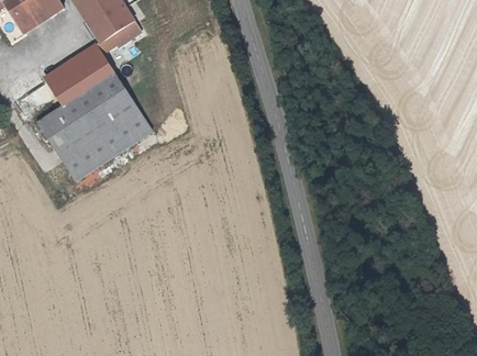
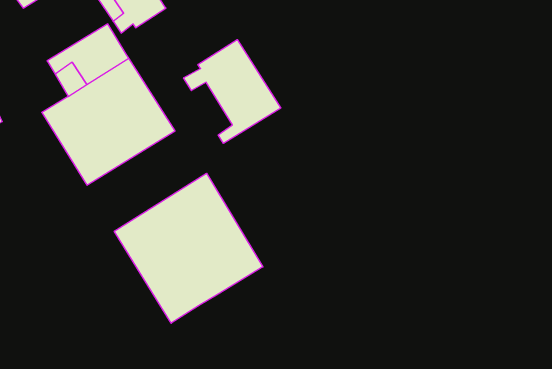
building: none -> [184,40,281,143]
building: none -> [114,173,263,323]

